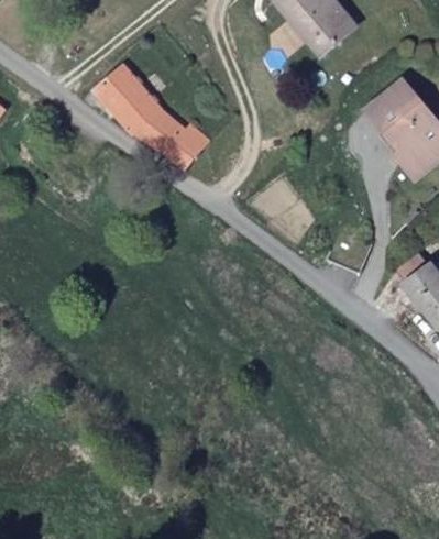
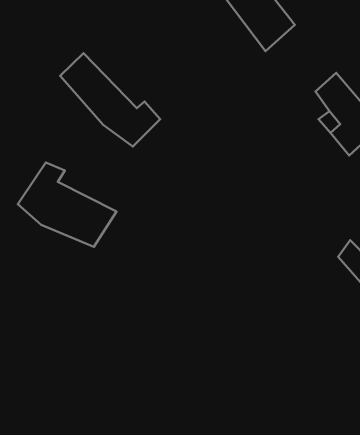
building: none -> [18,162,117,247]

